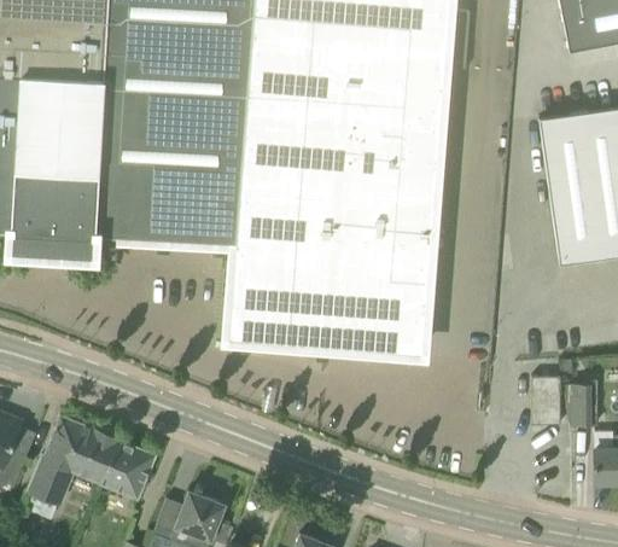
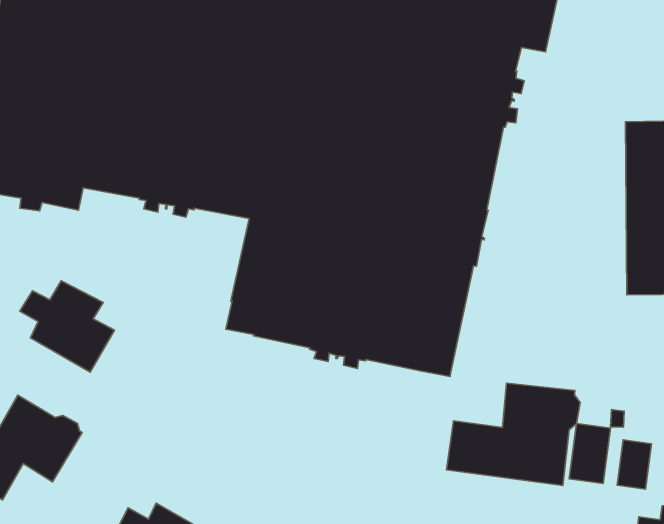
building: none -> [20,281,114,372]
building: none -> [447,383,580,485]
building: [100,441,154,500] -> none

